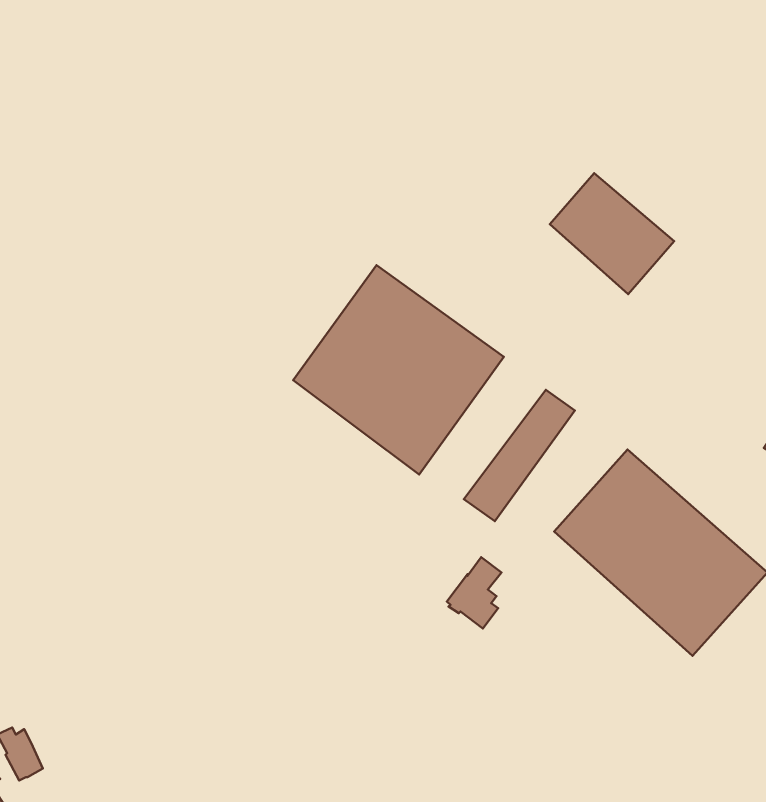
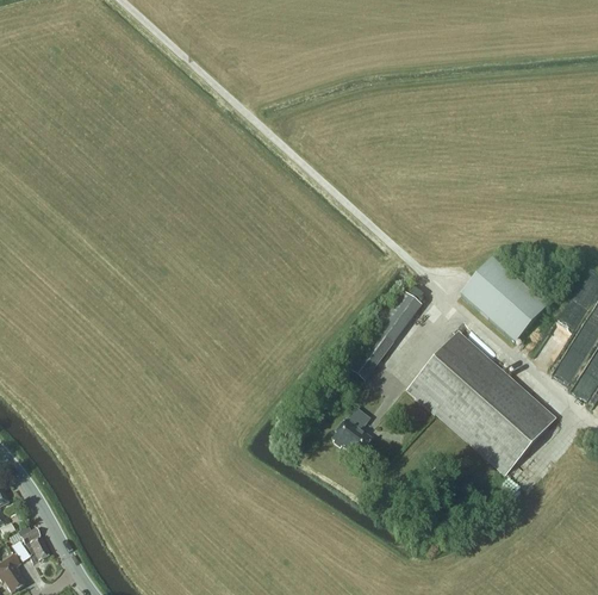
building: [550,173,674,294] -> [463,256,550,341]
building: [293,265,504,474] -> none

